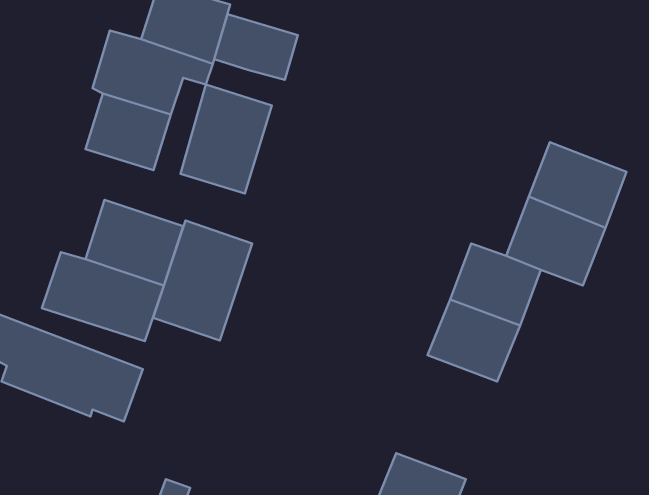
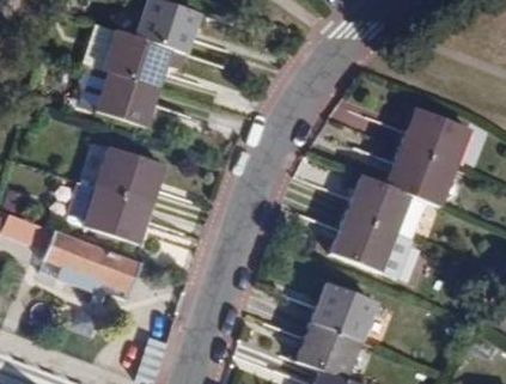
building: [214,14,298,80] -> none
building: [180,85,272,194] -> none
building: [153,220,252,341] -> none
building: none -> [312,282,374,336]

